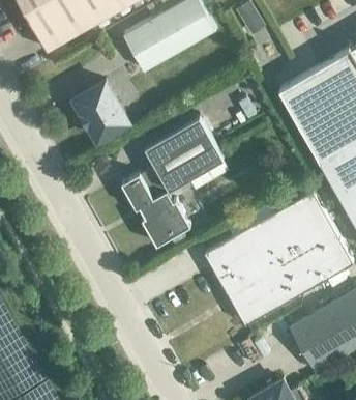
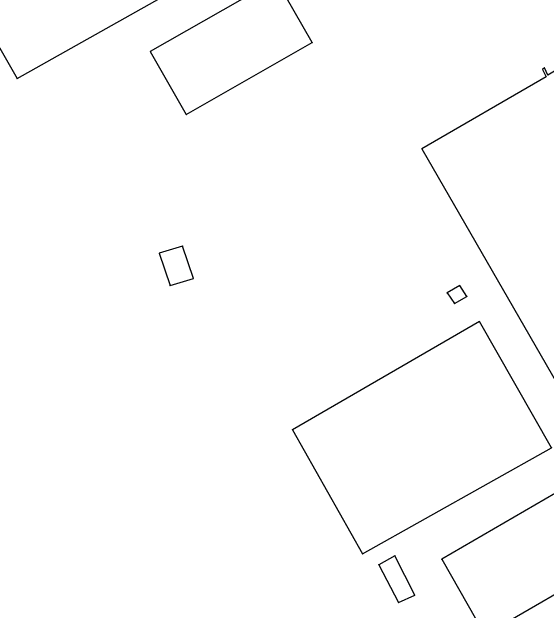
building: [73,83,127,141] -> none
building: [121,118,224,247] -> none

